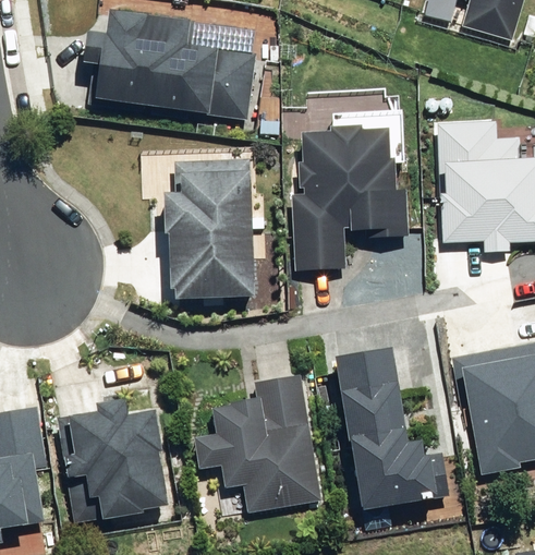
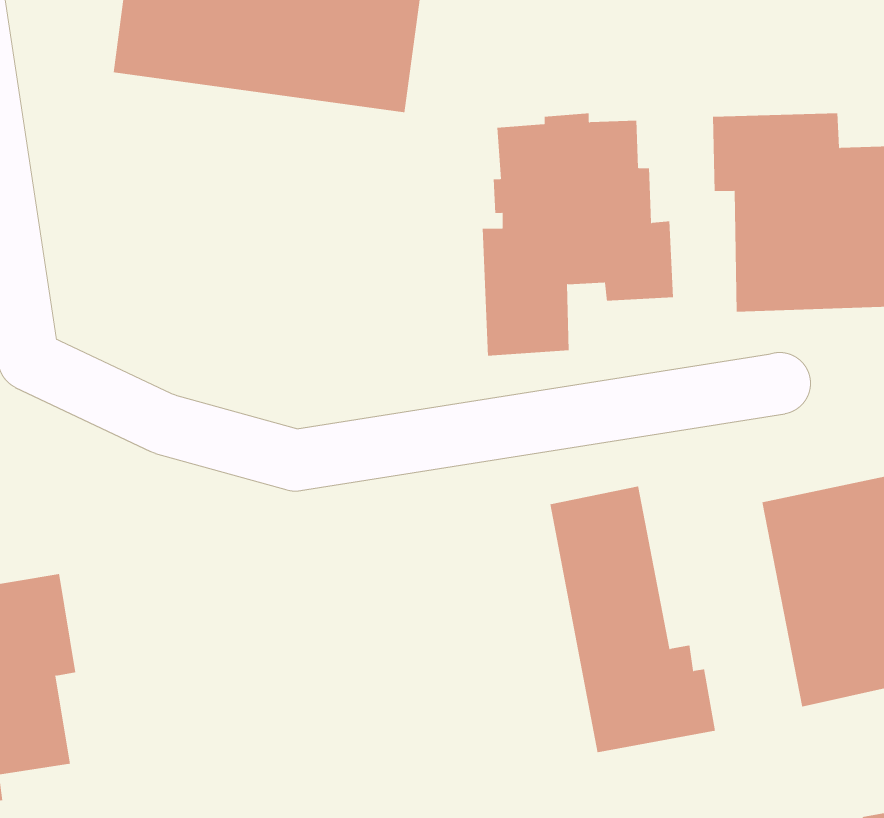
building: [160,159,253,298] -> none
building: [193,377,321,507] -> none
building: [61,401,168,520] -> none

